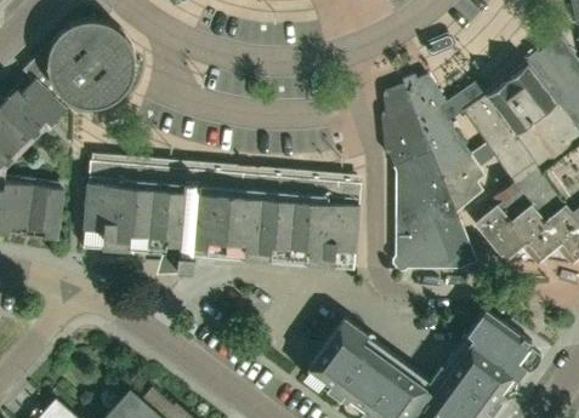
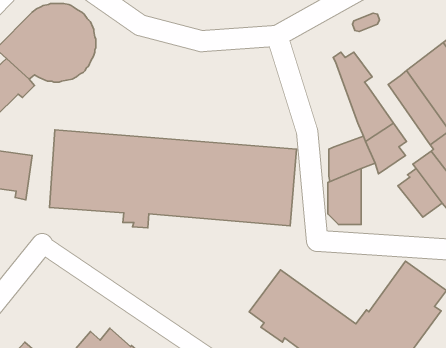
building: [382,85,436,181] -> none
building: [433,199,473,268] -> none

